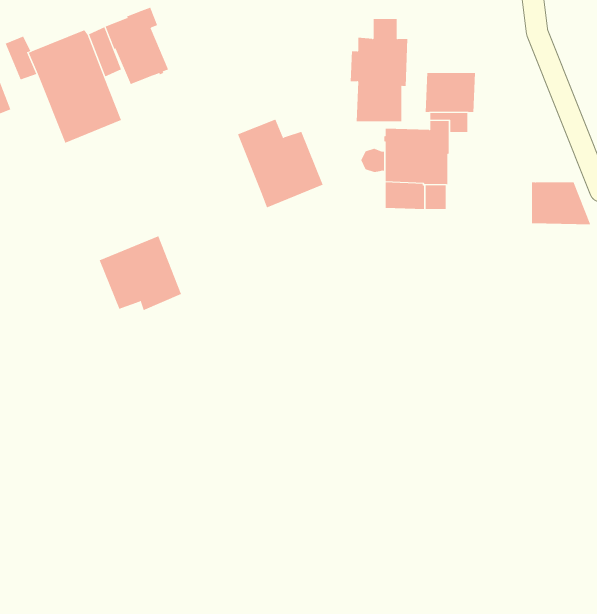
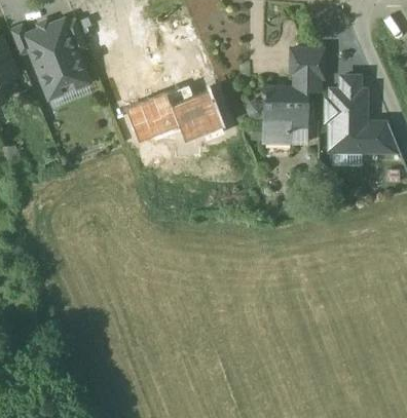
building: [105,7,169,85] -> none
building: [350,19,408,122] -> [327,78,366,147]
building: [99,236,182,311] -> [125,91,181,142]

